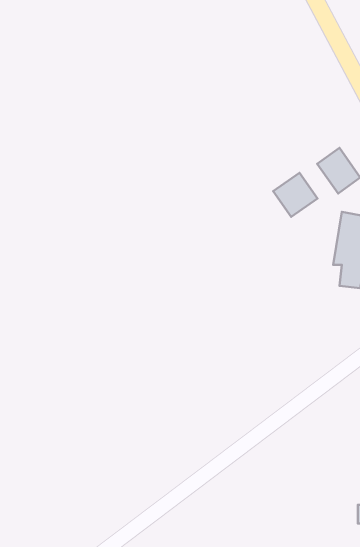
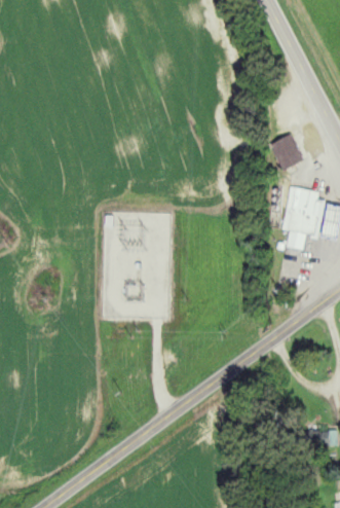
building: [273,173,317,217] -> none

